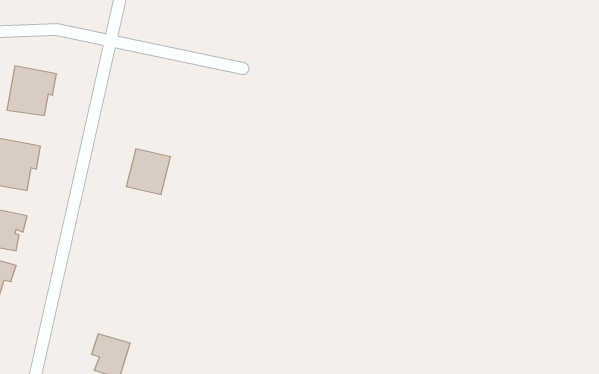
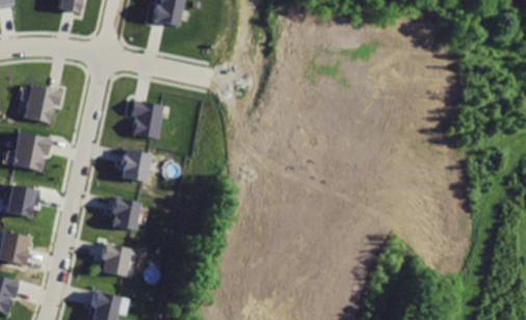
building: none -> [129,94,165,135]
building: none -> [109,191,141,228]
building: none -> [101,239,129,271]

